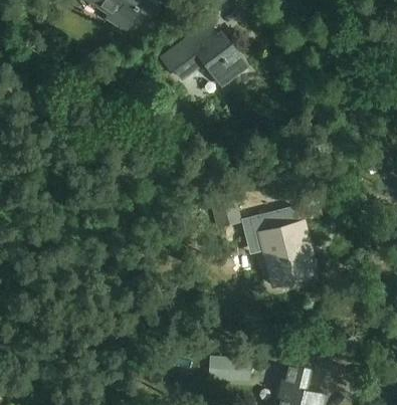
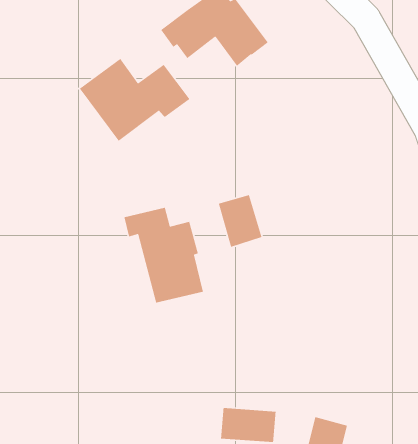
building: none -> [79,58,191,142]
building: [249,209,313,285] -> [123,207,204,304]

